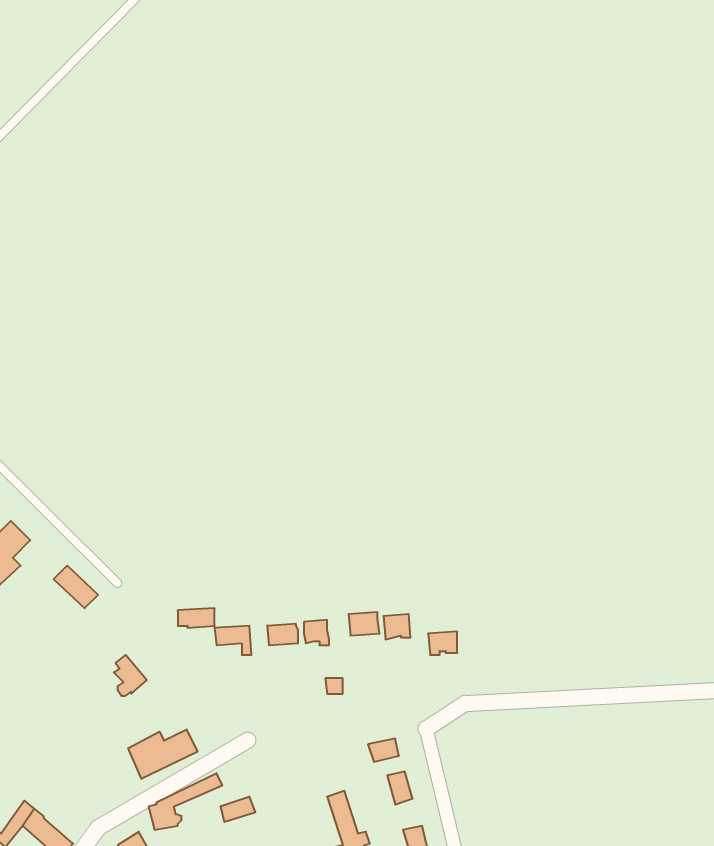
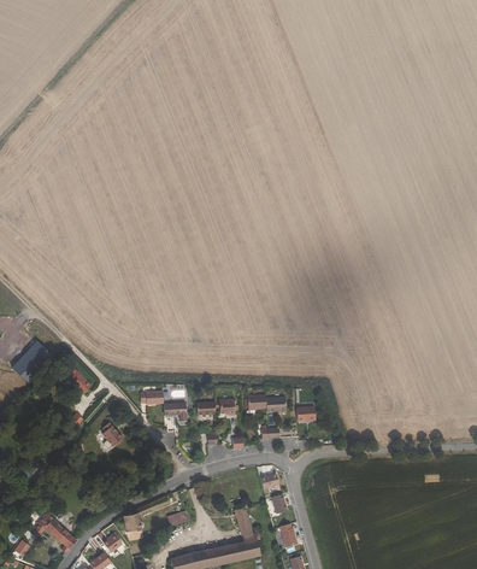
building: [128,729,197,779] -> none

